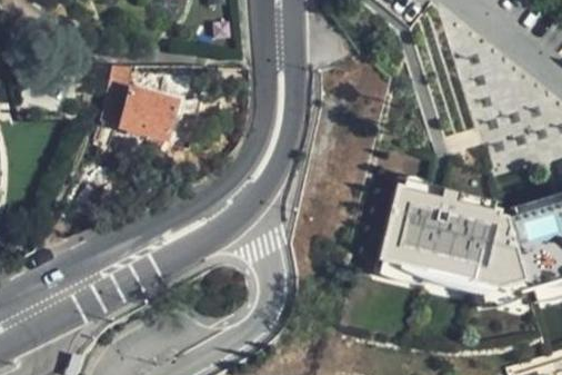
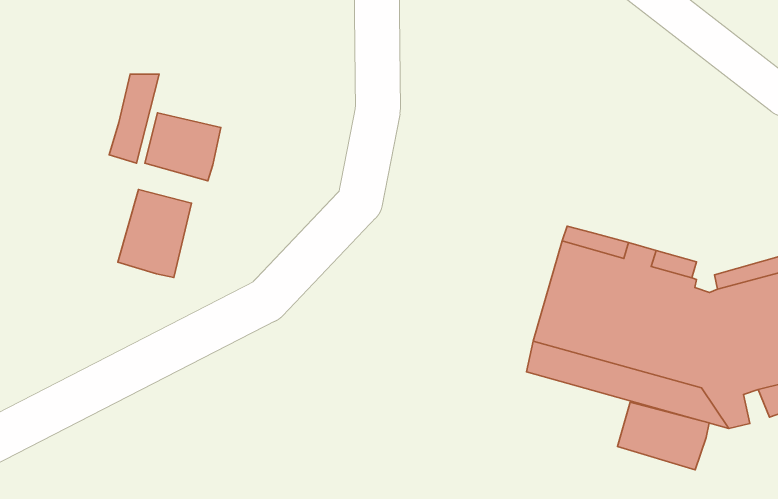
building: none -> [118,190,192,277]
building: none -> [618,402,709,470]

